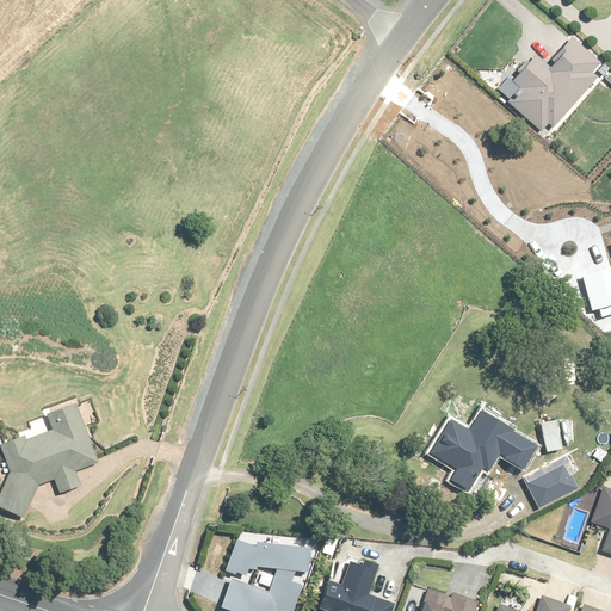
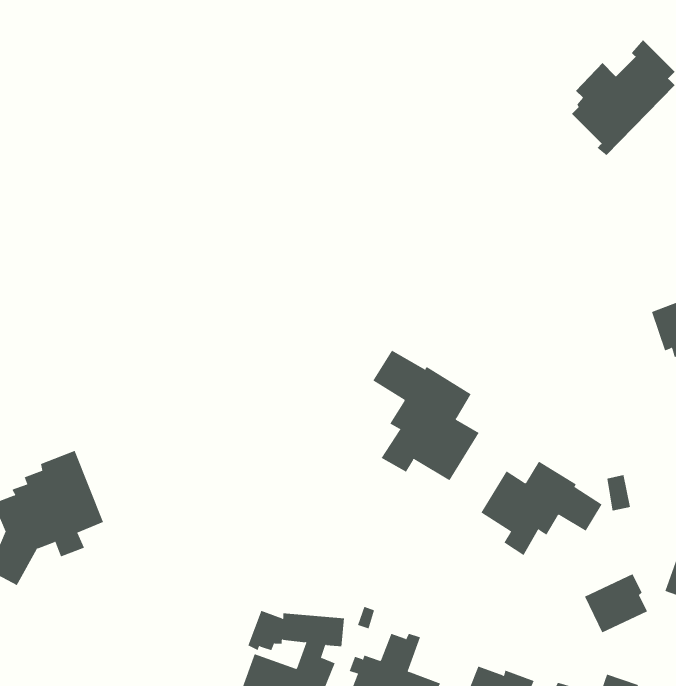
building: none -> [372,350,479,481]
building: [523,456,579,508] -> [584,573,648,633]

